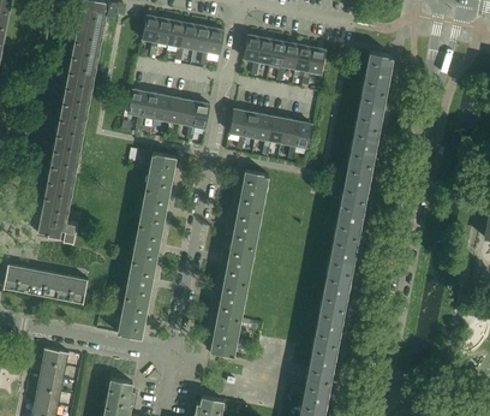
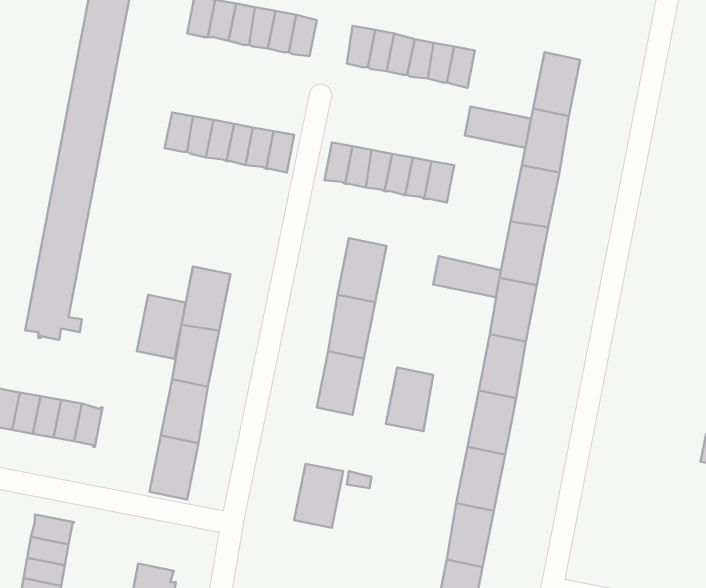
building: none -> [465,106,531,148]
building: [145,154,177,195] -> [137,295,186,359]
building: none -> [433,256,501,297]
building: [217,280,247,321] -> [386,367,433,431]

